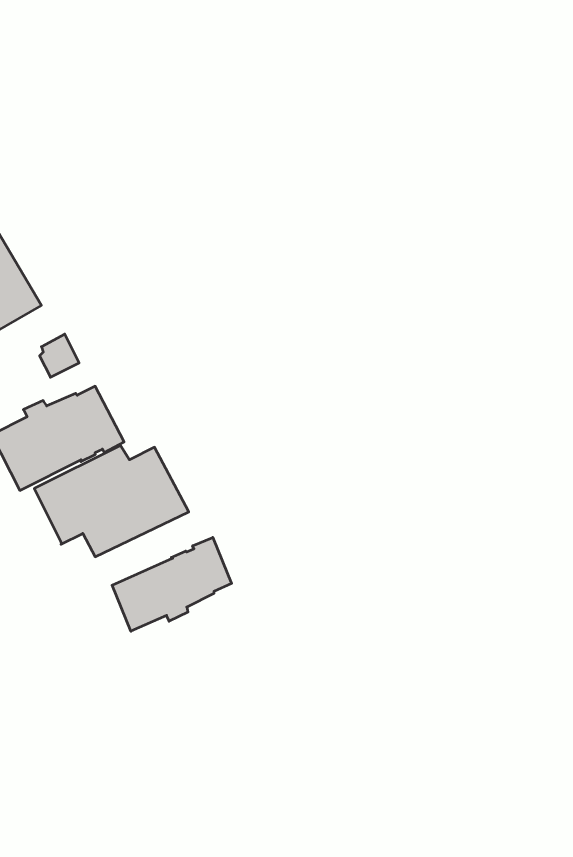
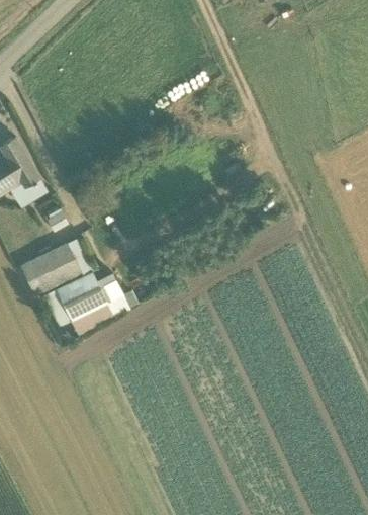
building: [112,537,232,631] -> none

